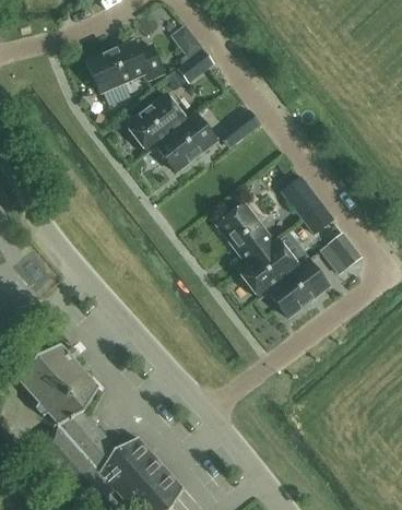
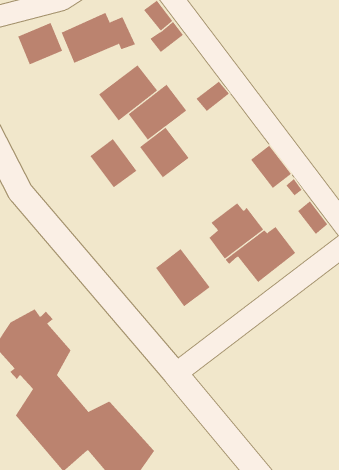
building: none -> [17,22,63,65]
building: none -> [89,138,142,188]
building: [216,203,268,256] -> [139,127,189,178]
building: none -> [148,248,210,307]

